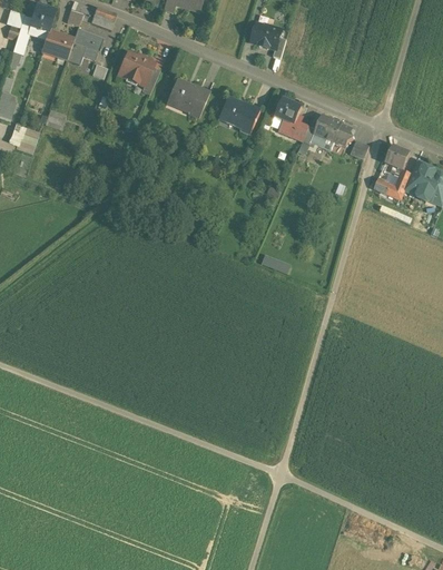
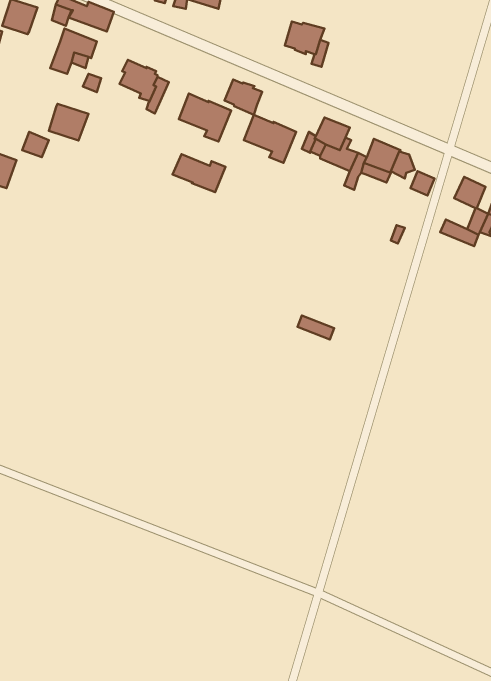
building: [43,30,75,59] -> [49,104,89,141]
building: none -> [225,80,262,115]
building: none -> [173,154,226,192]

